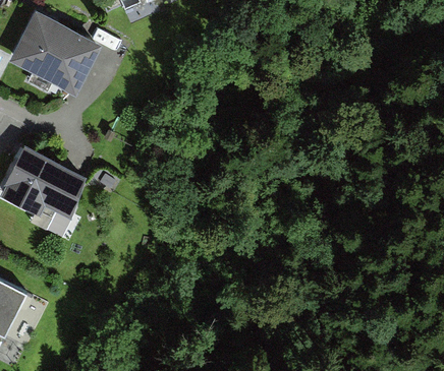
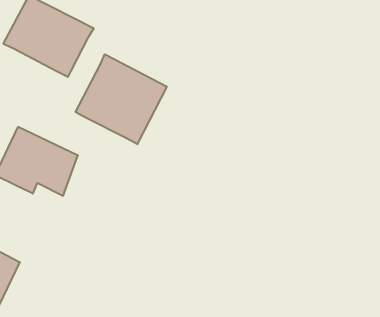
building: none -> [76,54,167,144]

